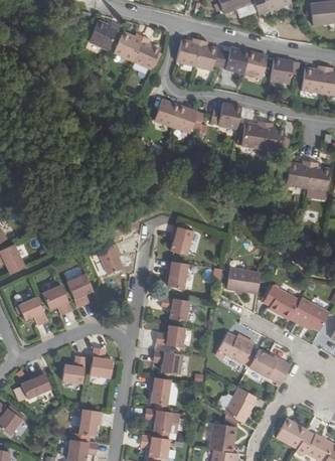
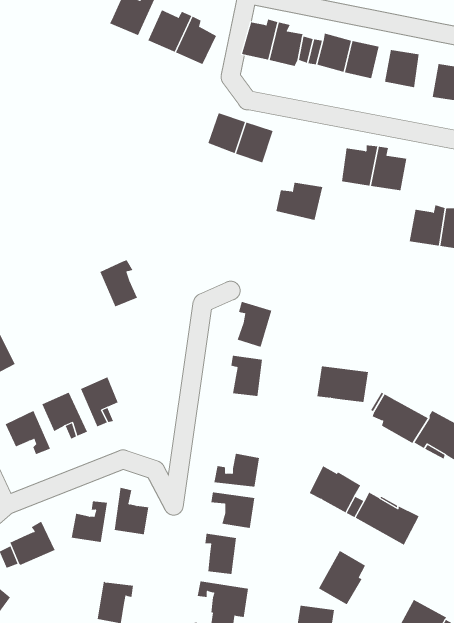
building: [208,105,239,130] -> [275,182,323,220]
building: [99,243,124,274] -> [100,259,138,307]
building: [162,296,189,319] -> none

